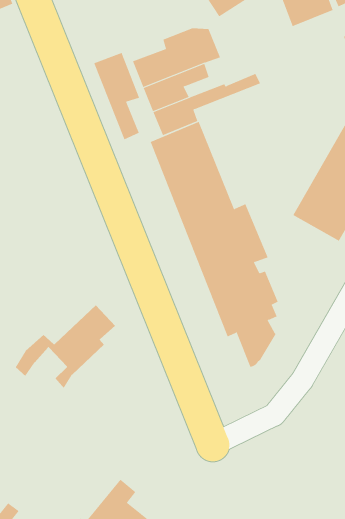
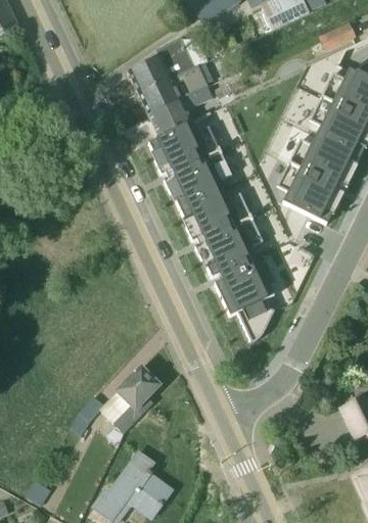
building: [94,52,140,140] -> none
building: [15,305,116,389] -> [72,365,162,443]

